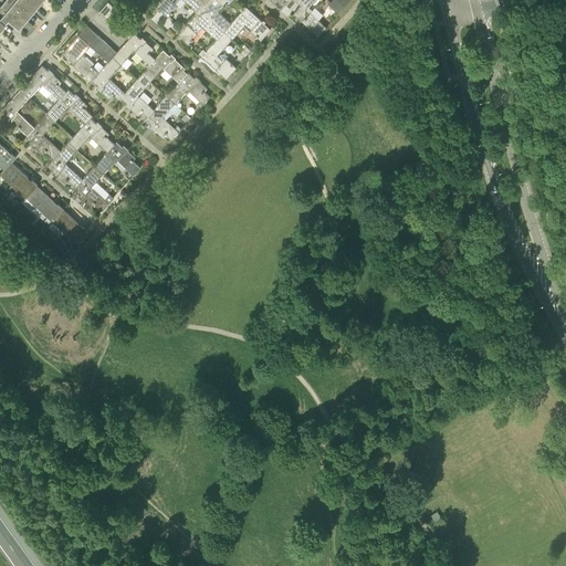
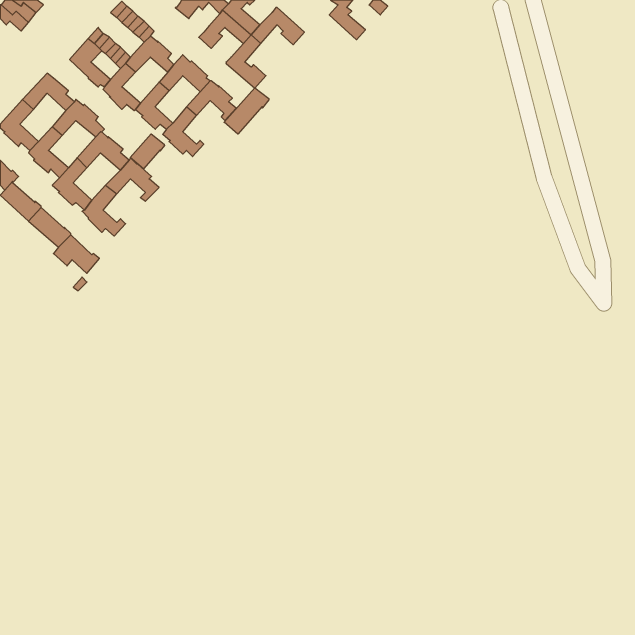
building: none -> [224,88,269,134]
building: none -> [130,134,164,169]

